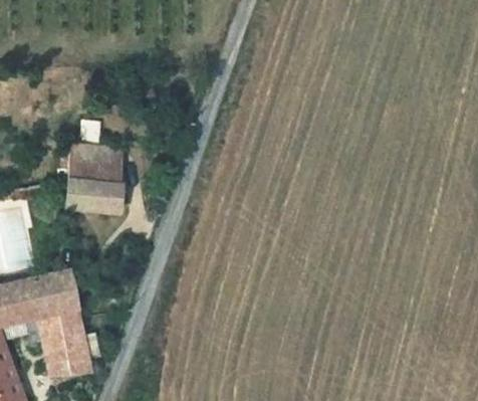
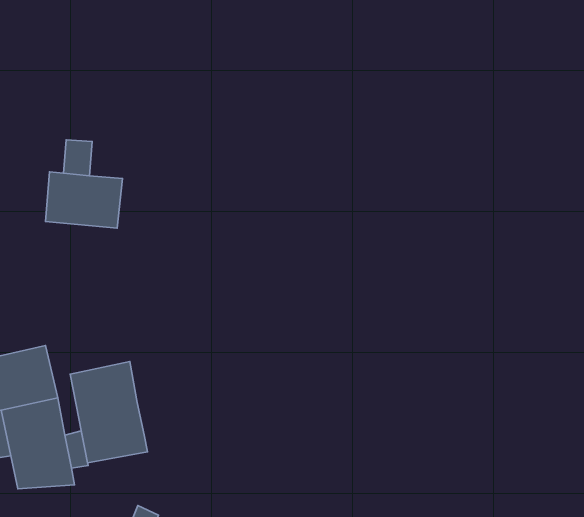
building: [66,179,121,211] -> none
building: none -> [70,361,147,463]

